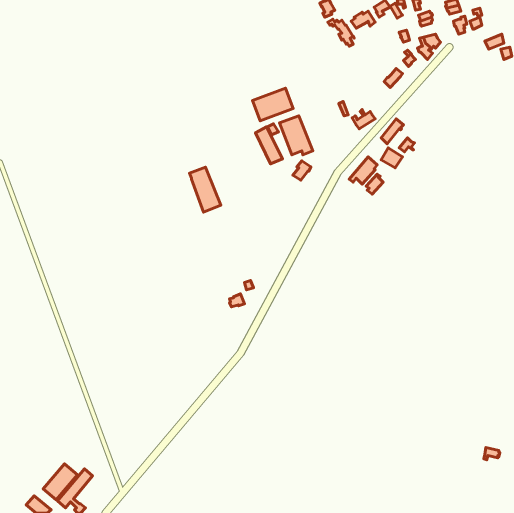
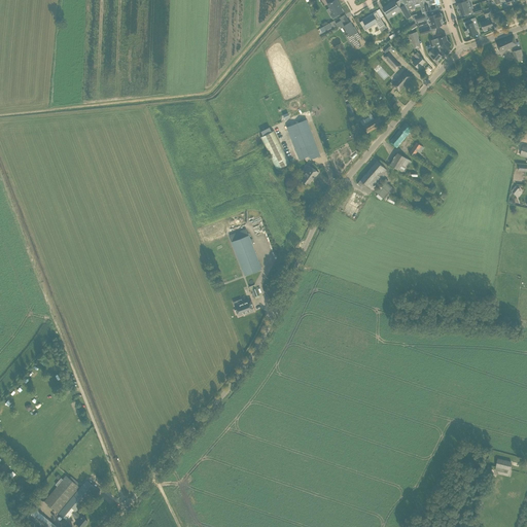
building: [253,88,293,121] -> none
building: [189,167,221,212] -> [230,229,261,275]

